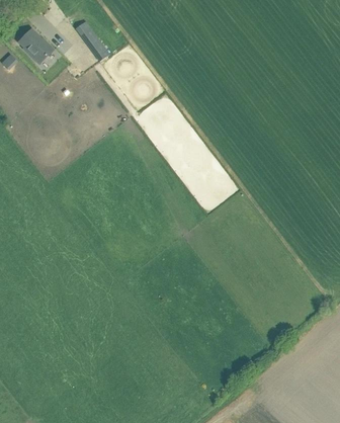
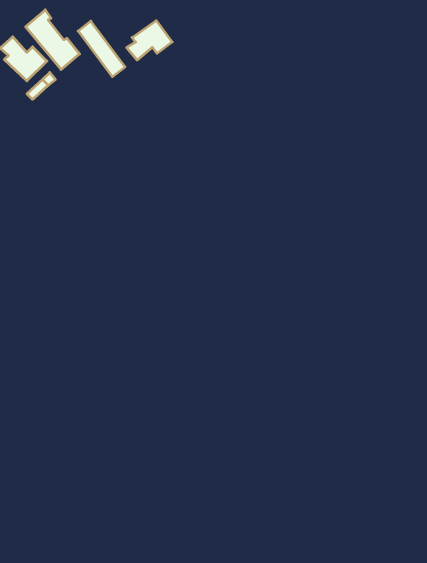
building: none -> [127,21,172,60]

